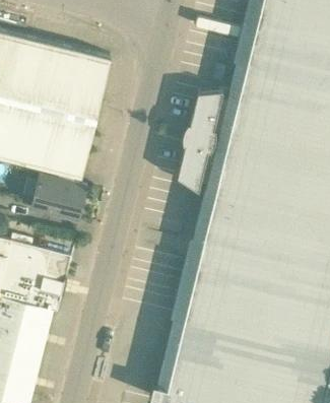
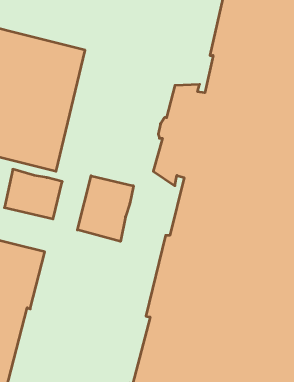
building: none -> [77,176,133,241]

